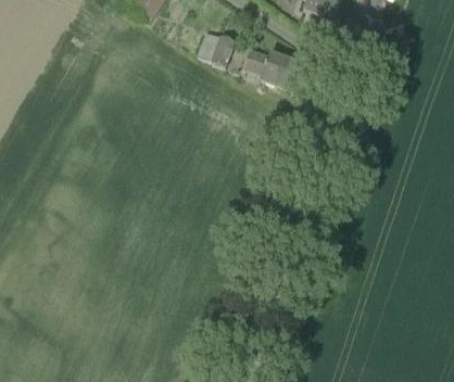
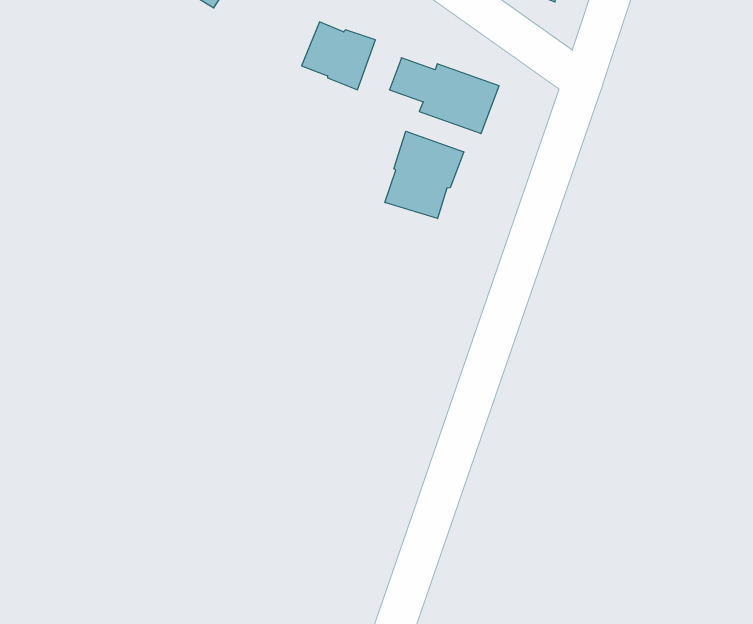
building: none -> [385,131,464,219]

